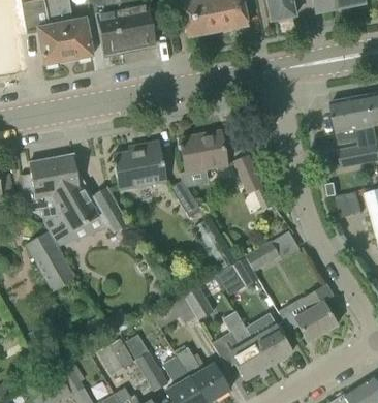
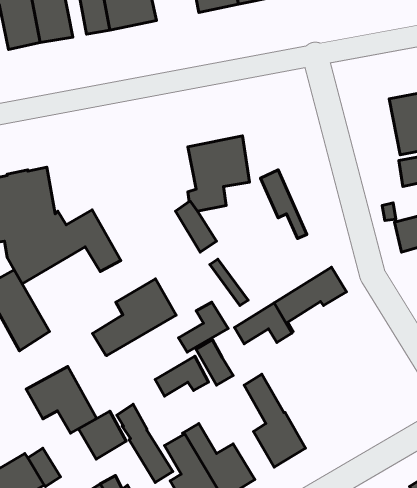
building: [112,147,165,189] -> none
building: none -> [92,279,176,356]
building: none -> [178,302,228,352]
building: [293,284,336,342] -> none
building: none -> [26,366,96,433]
building: [252,324,291,366] -> none

